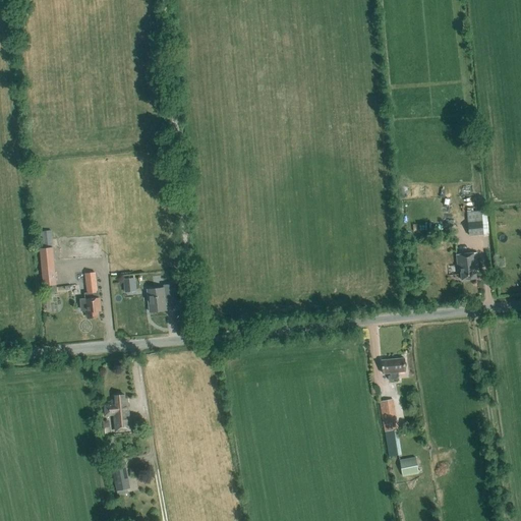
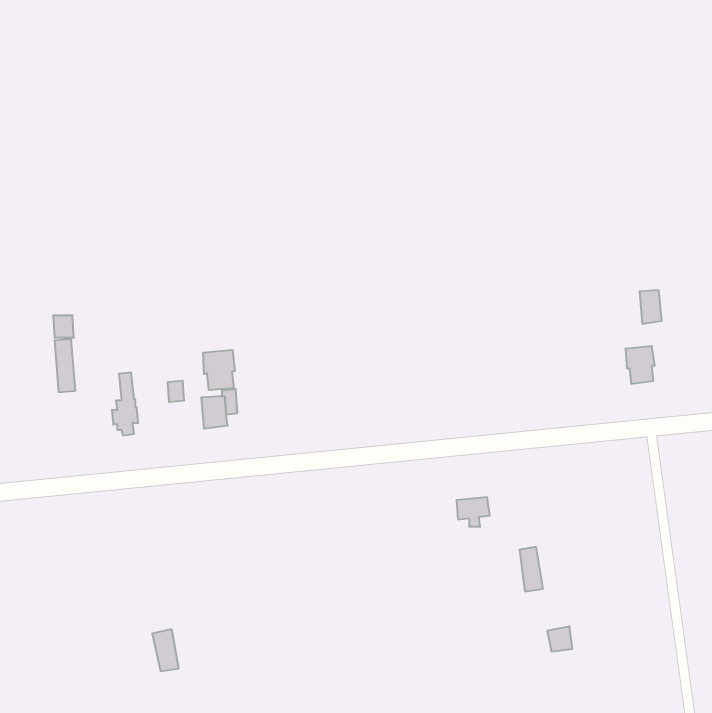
building: none -> [203,350,235,390]
building: [381,358,405,380] -> [456,497,490,527]
building: [103,394,127,430] -> none

